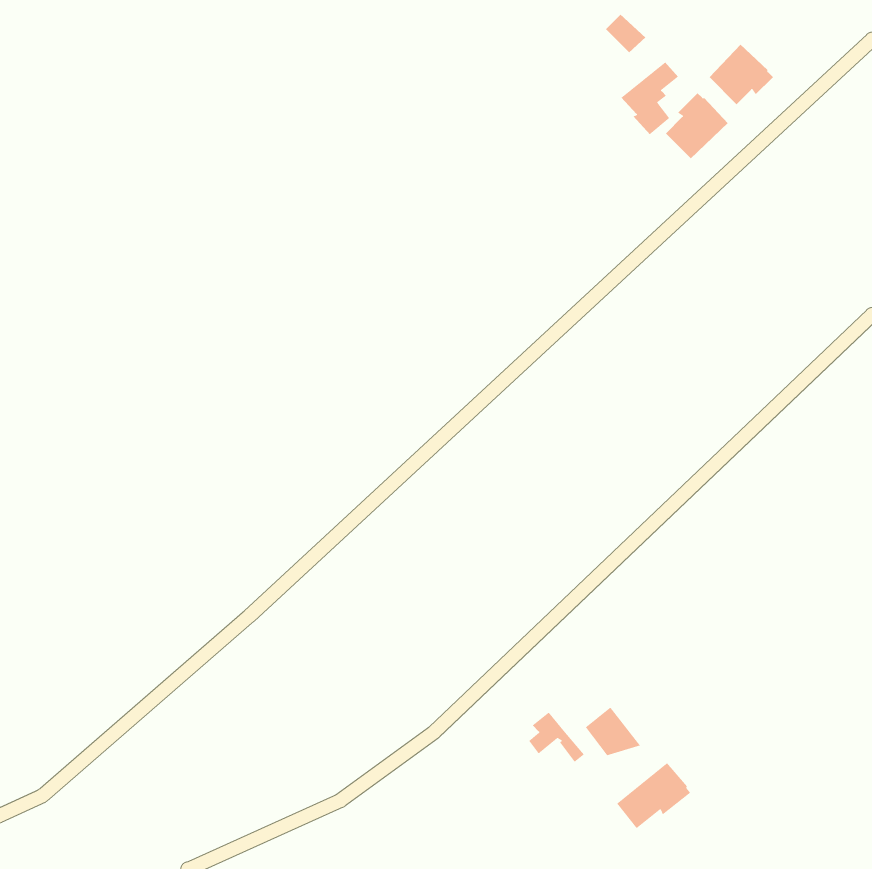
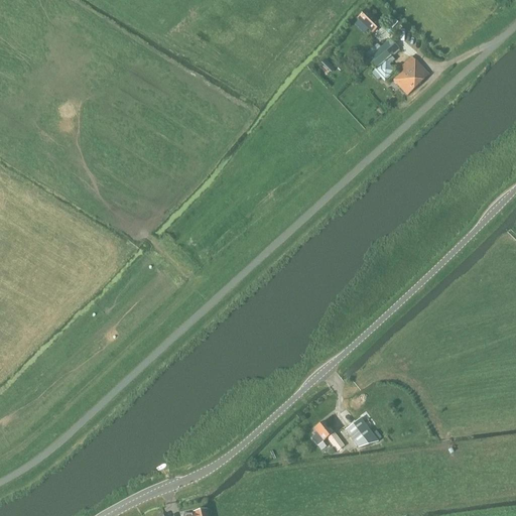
building: [709,44,774,105] -> none
building: [616,762,691,829] -> none

